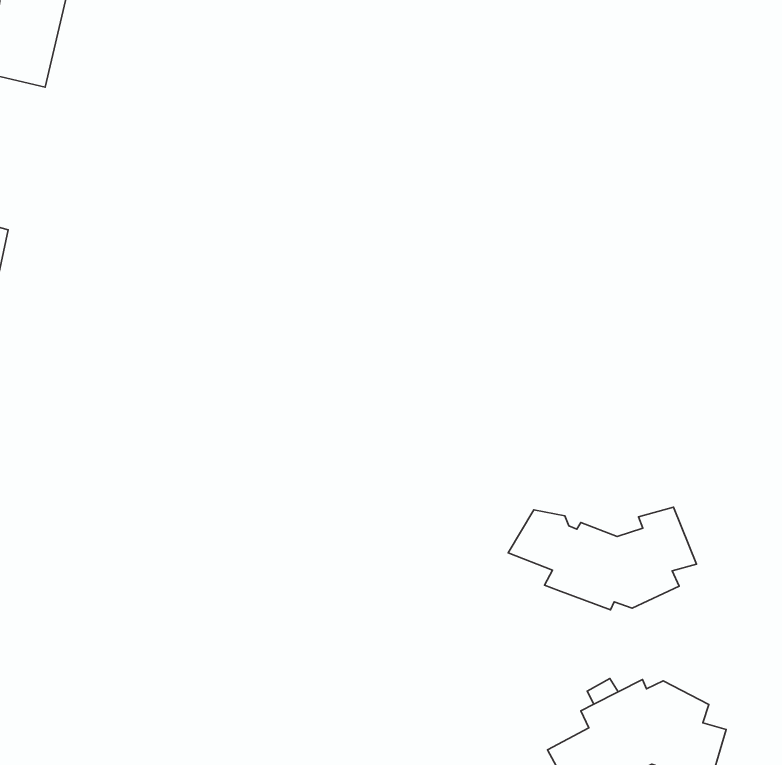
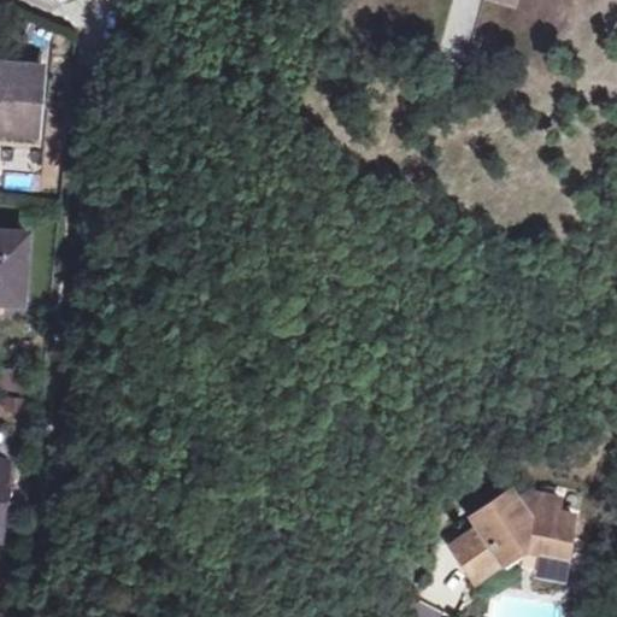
building: [508,507,697,610] -> none

